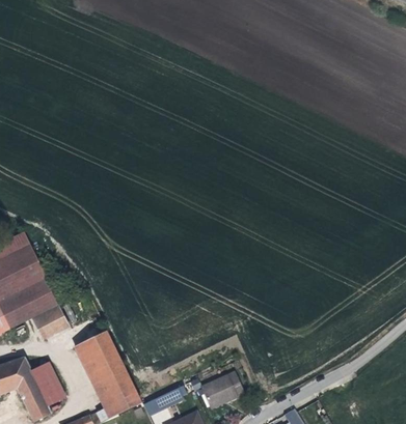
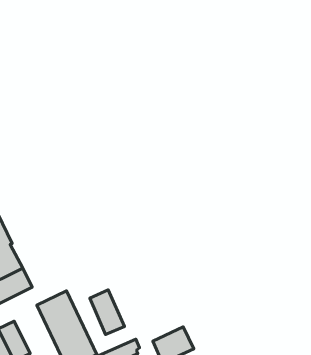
building: none -> [90,290,125,334]

